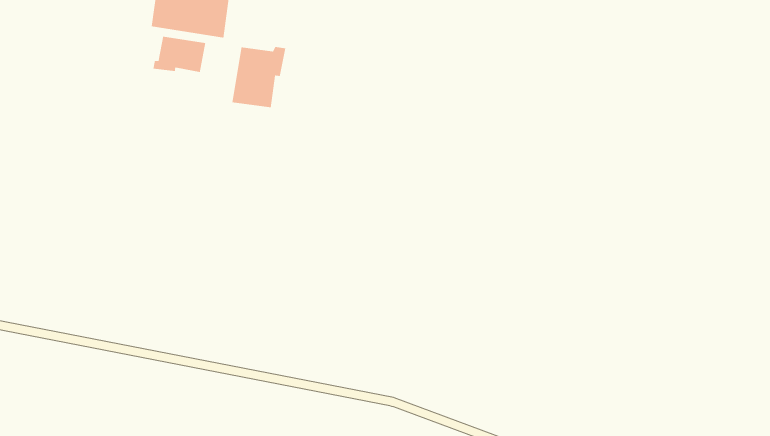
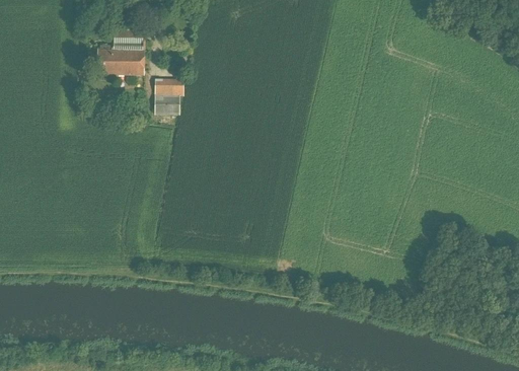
building: [153,36,206,73] -> none

